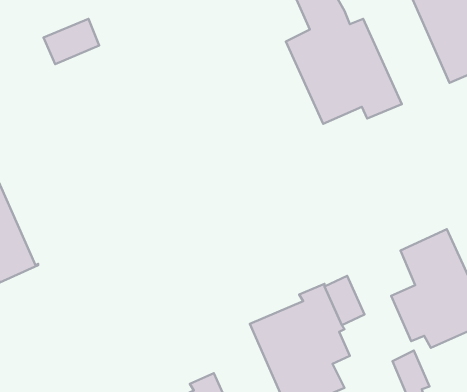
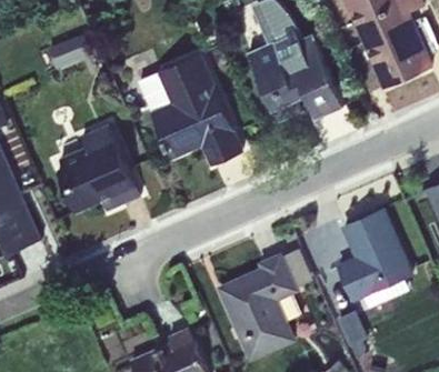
building: none -> [139,53,242,164]
building: none -> [57,124,140,212]

